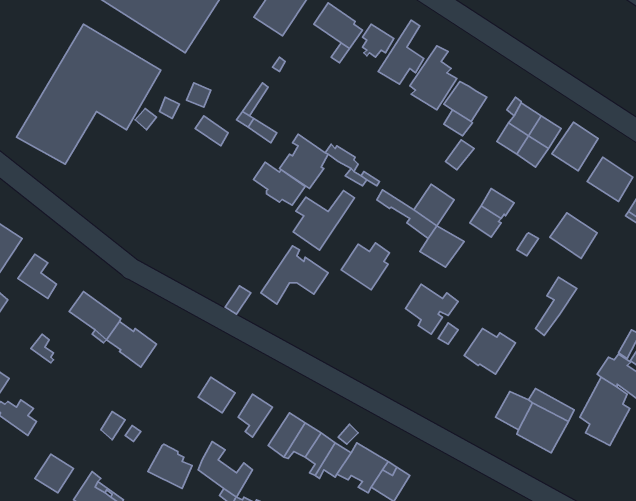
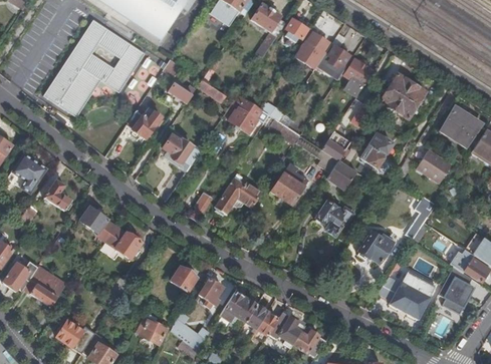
building: [552,122,598,171] -> none
building: none -> [128,106,162,138]
building: [254,162,305,205] -> [163,134,199,164]
building: [293,191,355,250] -> none

